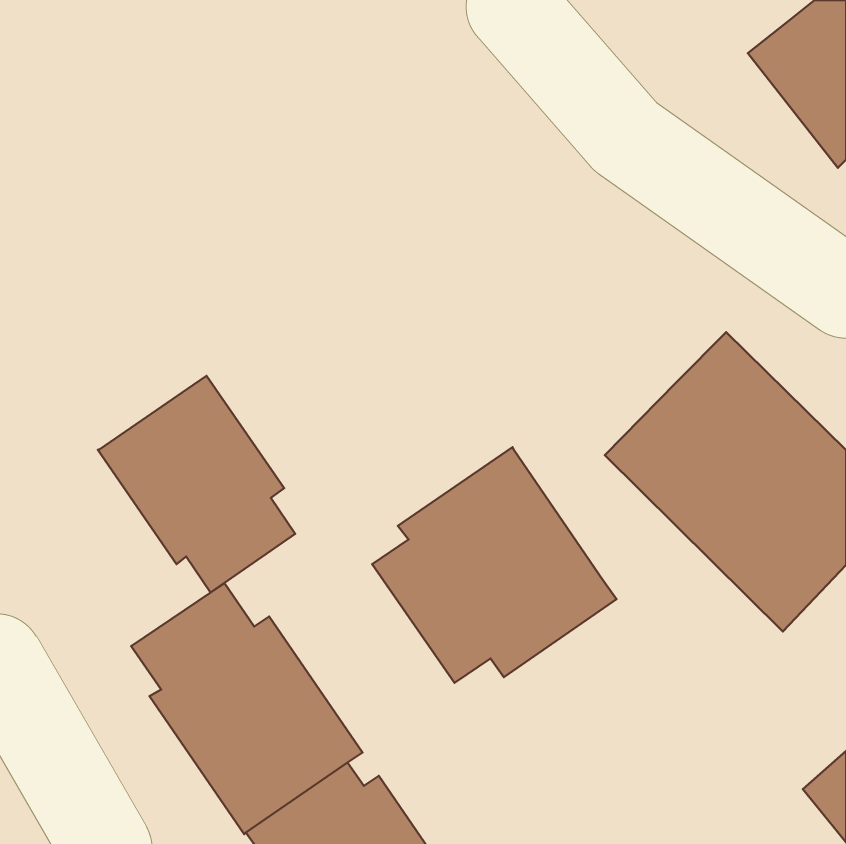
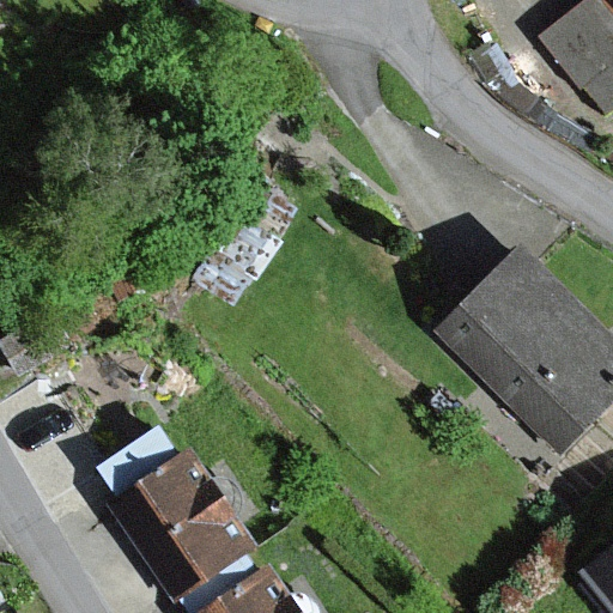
building: [98,376,295,593] -> none
building: [372,447,617,683] -> none

